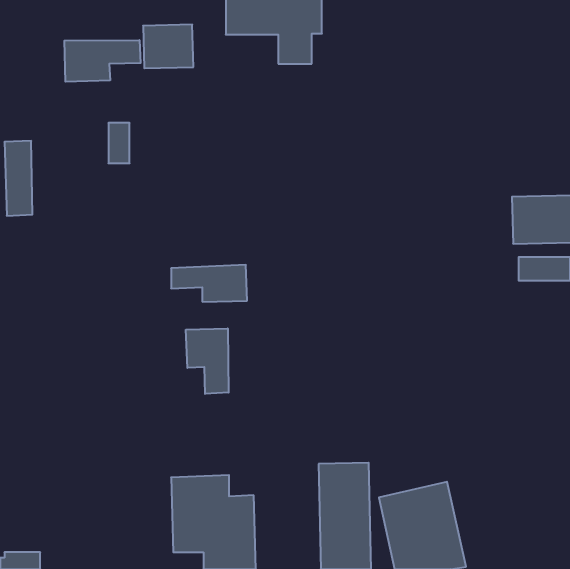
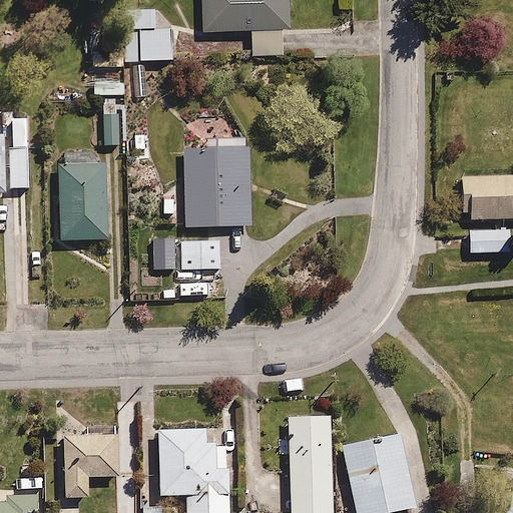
building: [64,40,141,82] -> none
building: none -> [182,134,253,226]
building: none -> [60,161,107,241]
building: [186,328,229,394] -> none
building: none -> [61,423,119,500]

